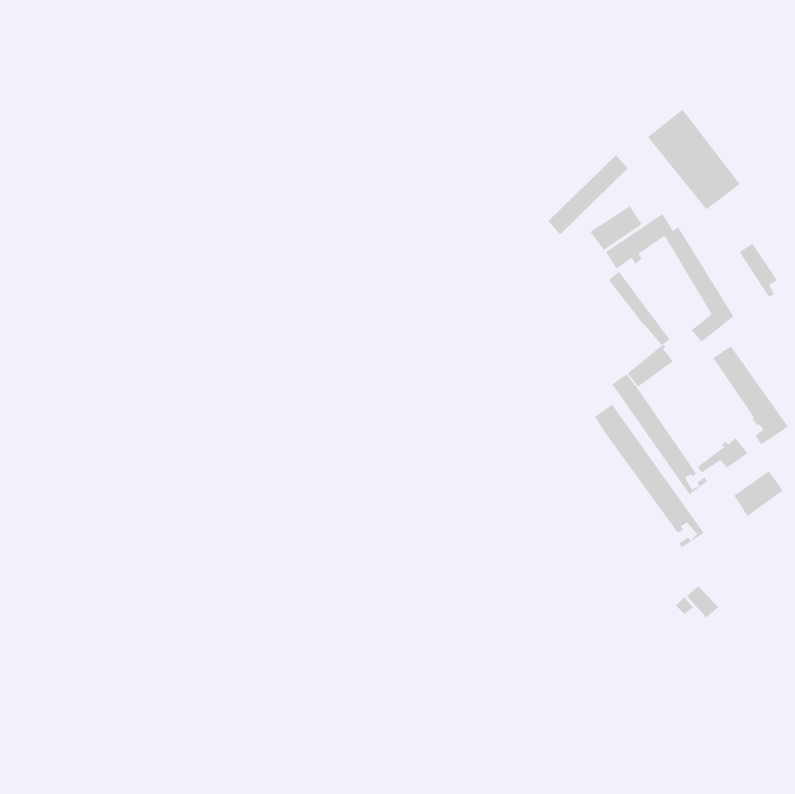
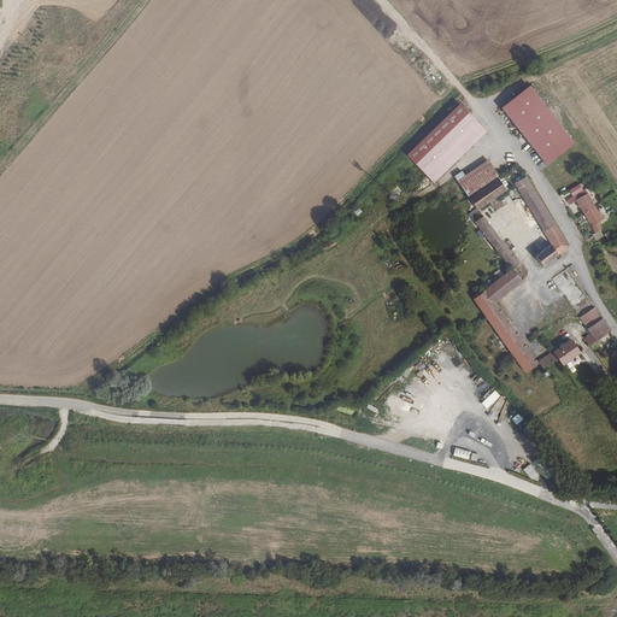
building: none -> [407,102,477,171]
building: [594,404,705,548] -> none
building: [734,471,783,517] -> none

